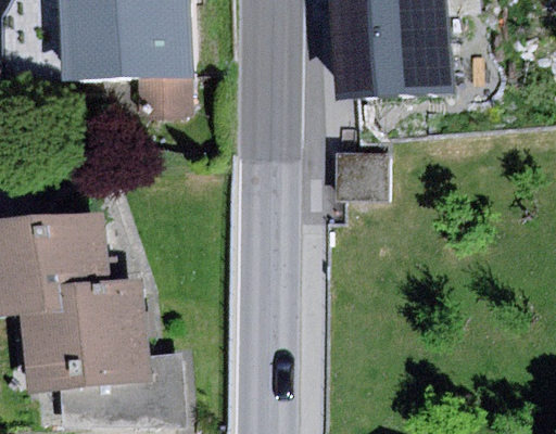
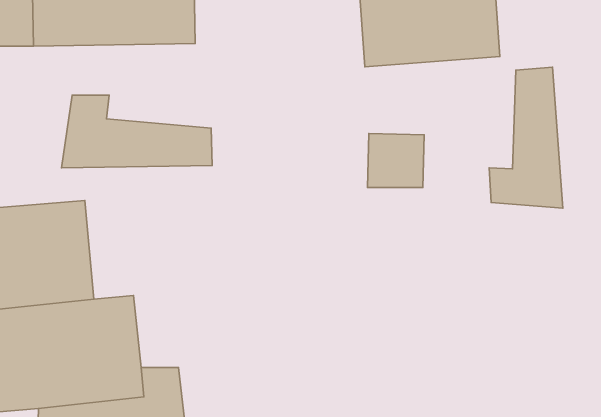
building: none -> [489,67,563,208]
building: none -> [62,95,212,168]

